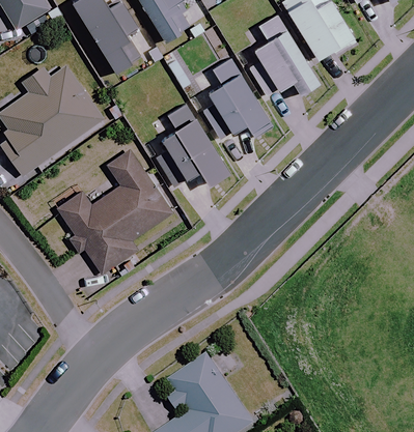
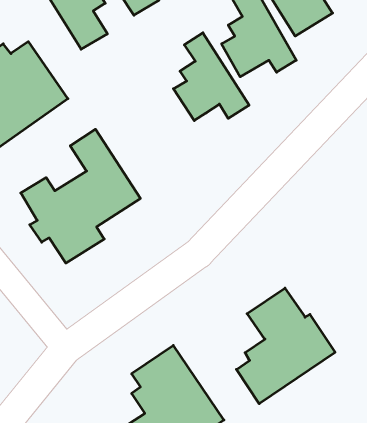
building: [157,103,229,188] -> none
building: none -> [236,288,335,404]

